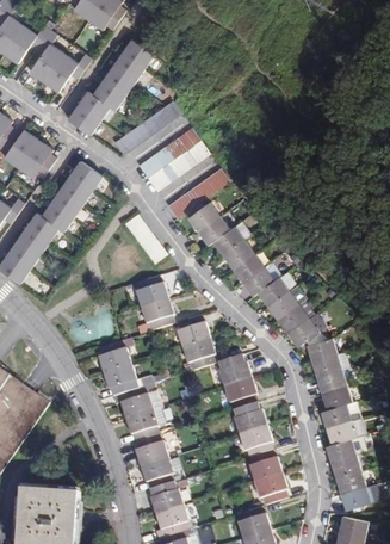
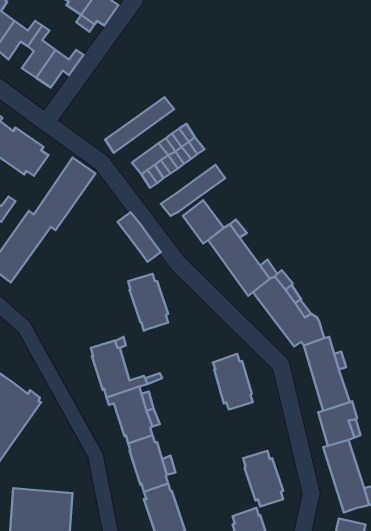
building: [68,41,154,136] -> none
building: [177,315,217,373] -> none
building: [234,402,272,457] -> none

